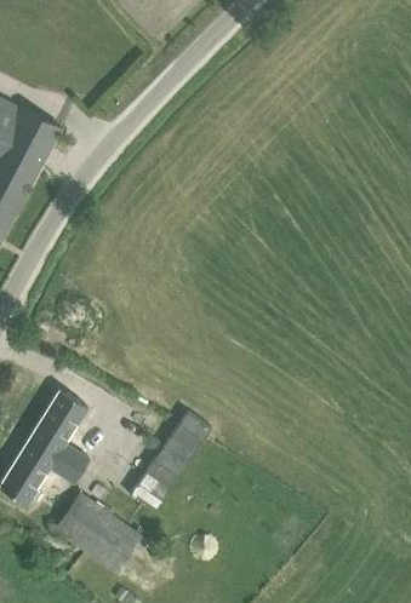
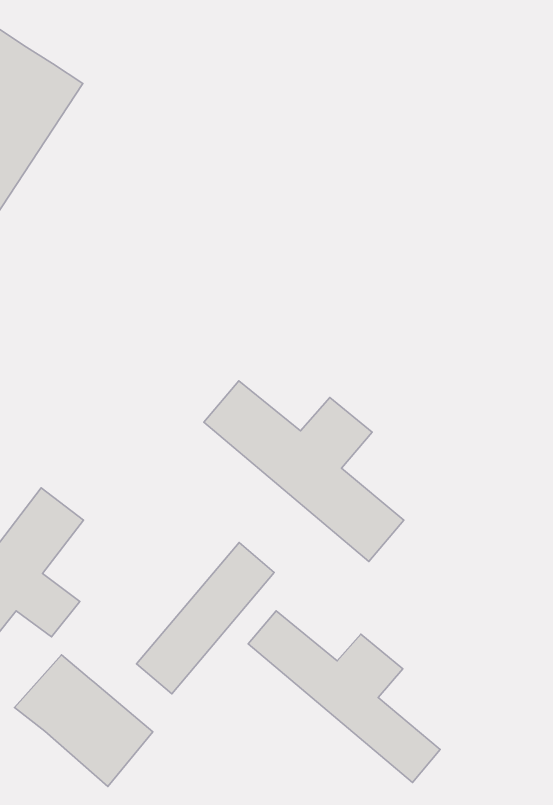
building: none -> [204,381,404,562]
building: none -> [248,611,440,783]

